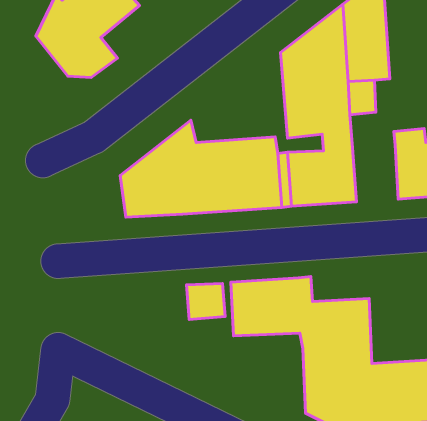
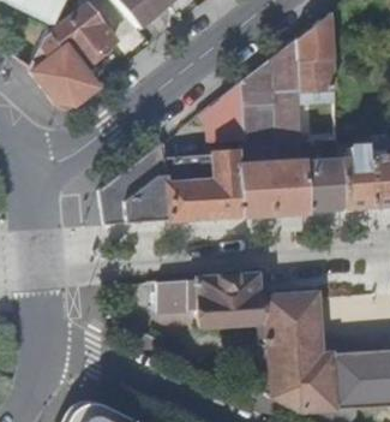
building: none -> [205,81,250,143]
building: none -> [307,161,347,210]

